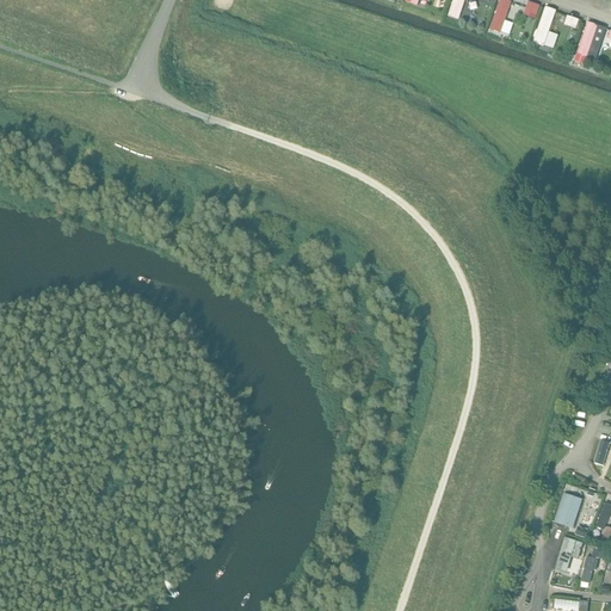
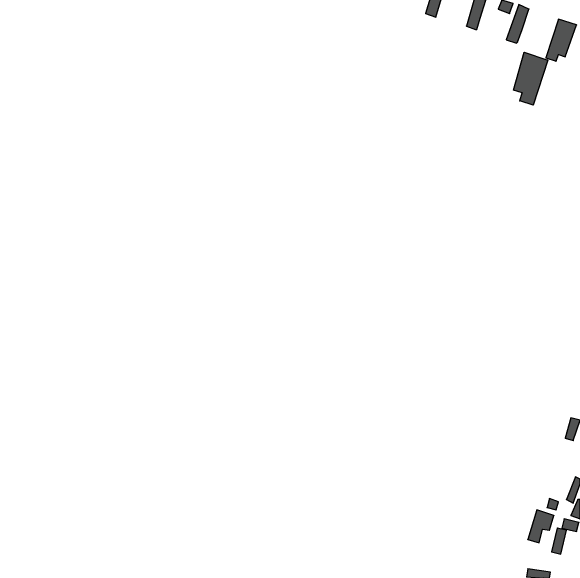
building: none -> [513,52,548,105]
building: [554,493,581,527] -> none

